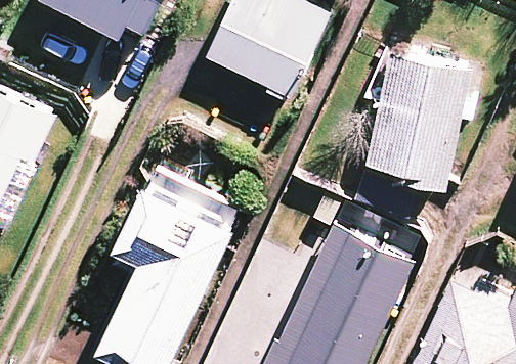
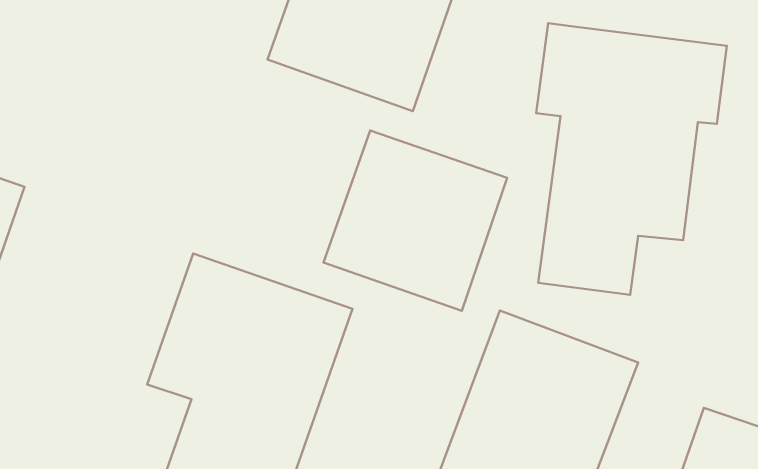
building: none -> [323,131,507,311]

